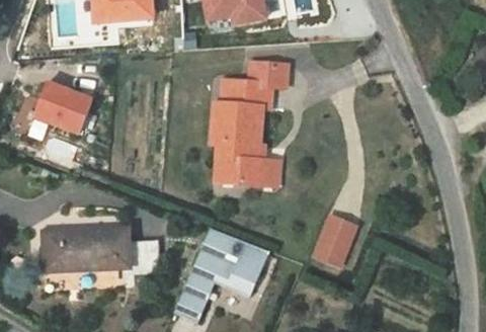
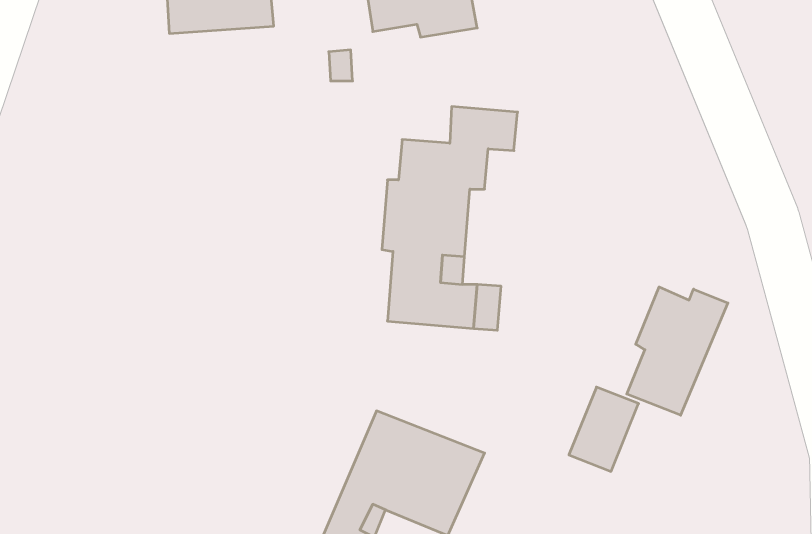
building: [33,81,92,132] -> none
building: none -> [627,287,728,415]
building: [44,227,161,272] -> none

